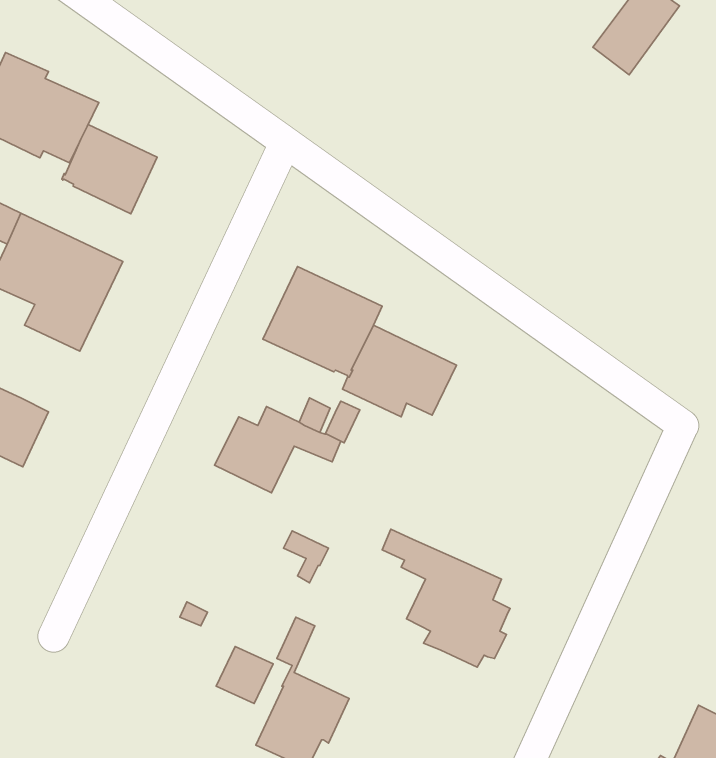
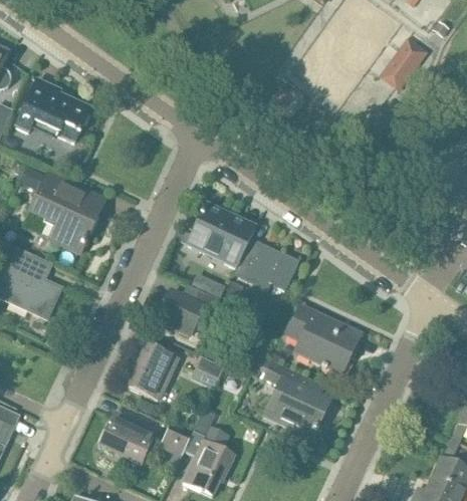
building: [62,125,157,214] -> none
building: none -> [287,304,362,372]
building: none -> [131,343,179,401]
building: none -> [101,412,157,462]

